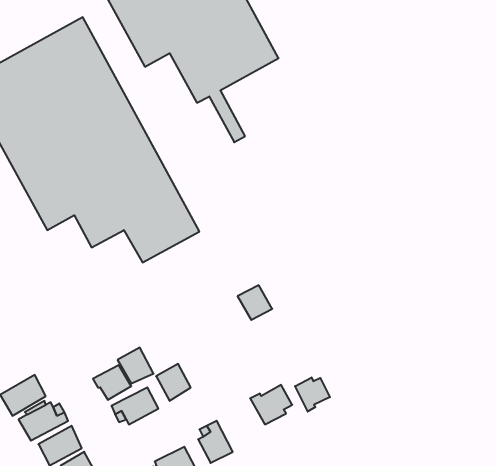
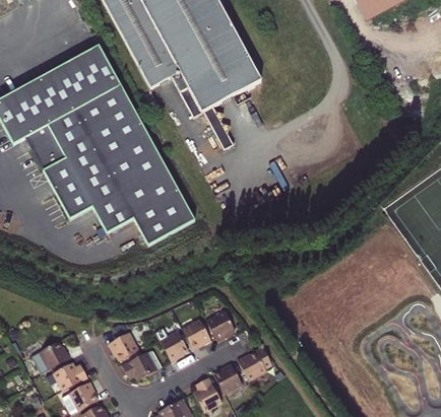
building: [238,285,272,320] -> [207,309,236,338]
building: [118,348,154,383] -> [182,317,211,346]
building: [295,377,330,412] -> none
building: none -> [214,361,243,392]

